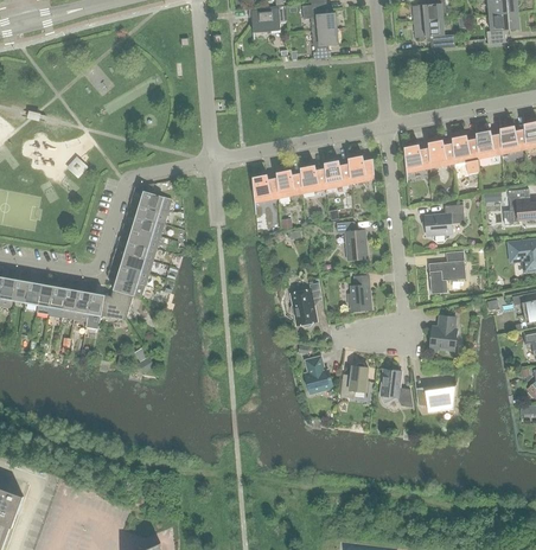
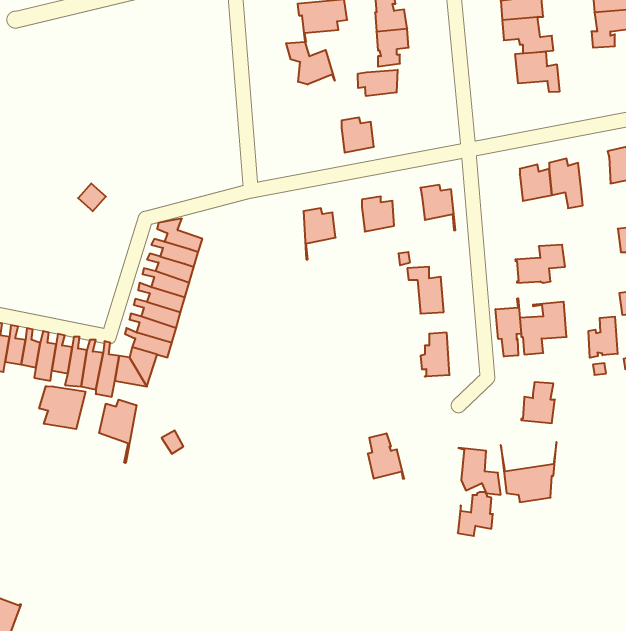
building: none -> [286,42,335,85]
building: none -> [515,51,559,92]
building: none -> [358,70,398,96]
building: [476,129,502,159] -> none
building: [404,143,430,185] -> none
building: [324,160,351,188] -> none
building: [276,170,302,198] -> [342,118,374,153]
building: none -> [496,298,521,357]
building: none -> [589,317,618,358]
building: [291,282,321,327] -> none
building: none -> [39,386,85,429]
building: none -> [99,400,136,463]
building: [340,363,369,398] -> [458,492,493,536]

